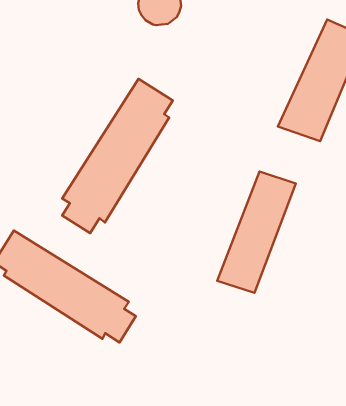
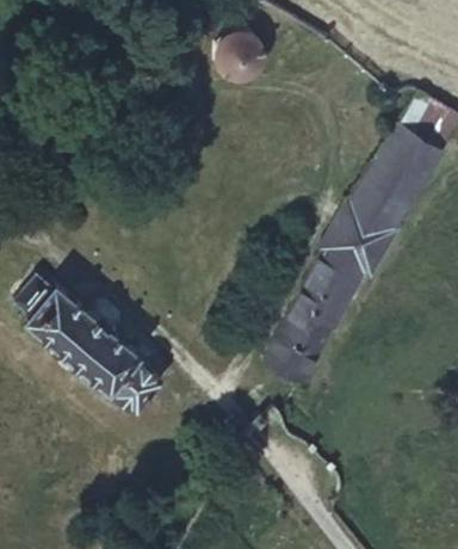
building: [62,79,173,233] -> none
building: none -> [323,203,395,271]

